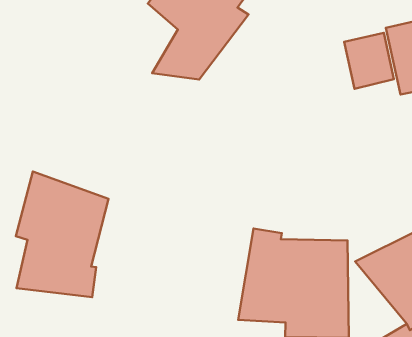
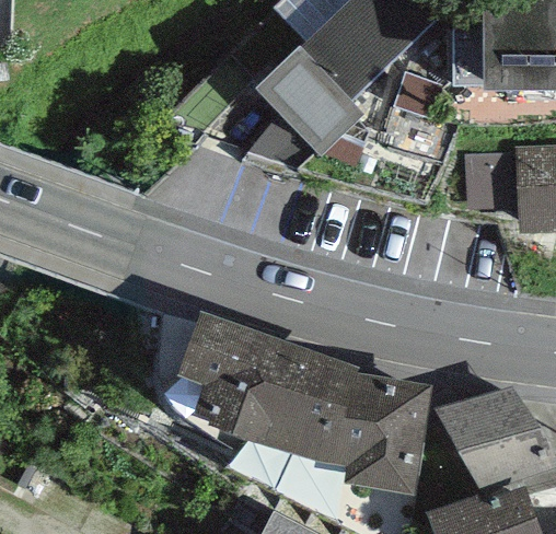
building: [16,172,109,297] -> none
building: none -> [175,310,328,454]

